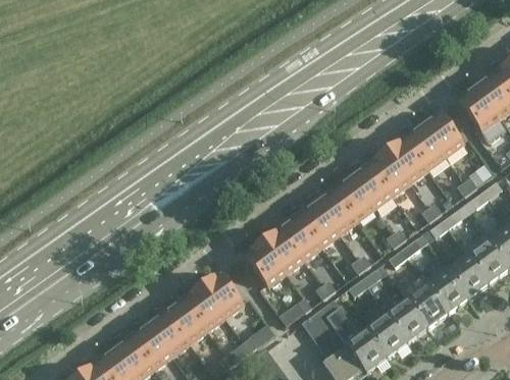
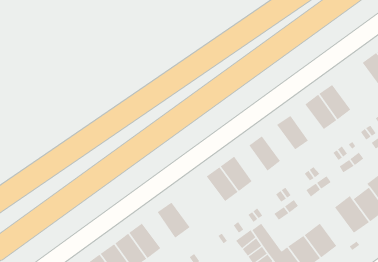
building: [421,111,464,157] -> none
building: [369,151,410,196] -> none
building: [334,176,374,221] -> none
building: [299,202,340,247] -> none
building: [245,240,287,286] -> none
building: [399,274,448,327] -> none
building: [184,285,224,330] -> none

